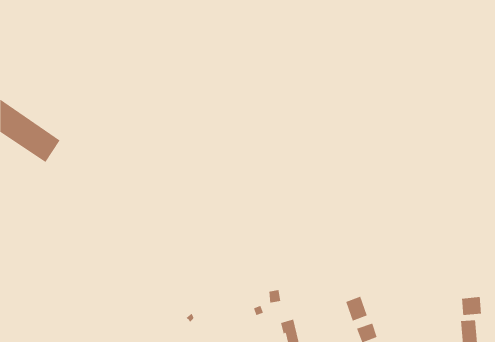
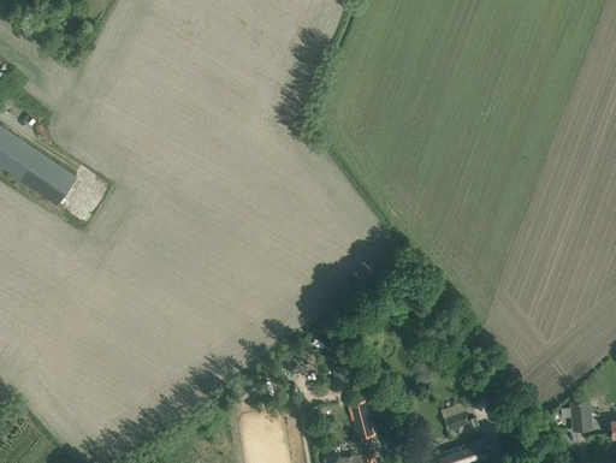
building: [345,296,368,321] -> none
building: [461,296,482,316] -> none

